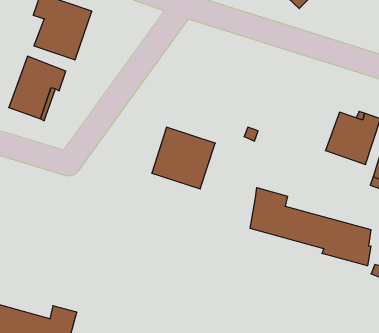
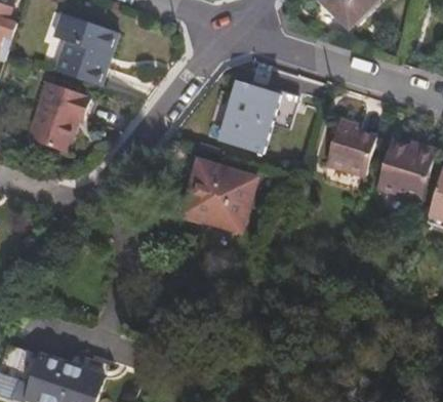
building: none -> [224,81,280,150]
building: none -> [326,121,376,174]
building: [250,188,371,266] -> none

